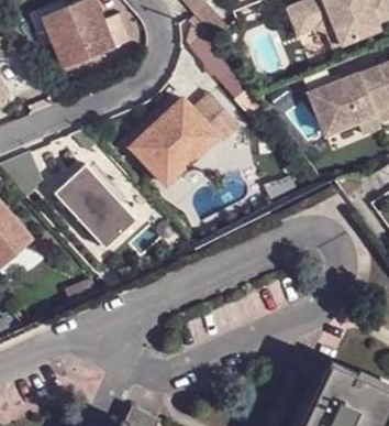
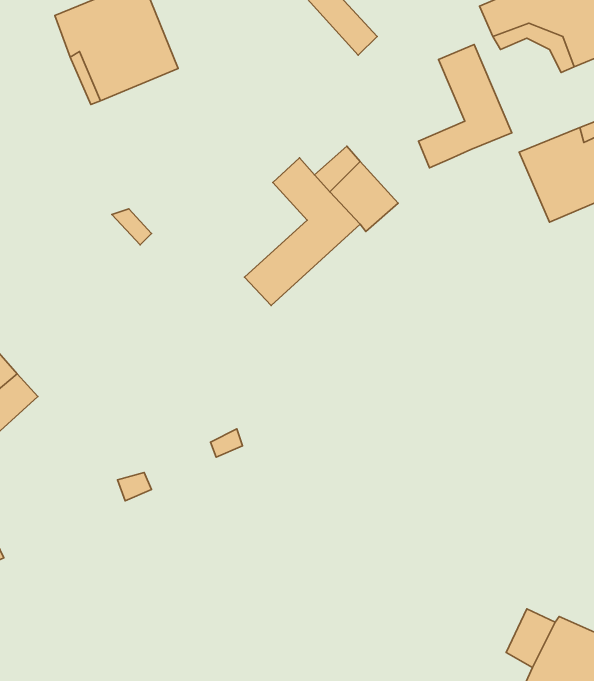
building: none -> [418,44,512,168]
building: [130,113,187,168] -> none
building: [53,163,124,236] -> none

